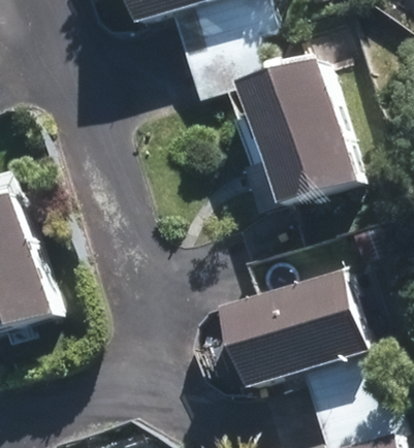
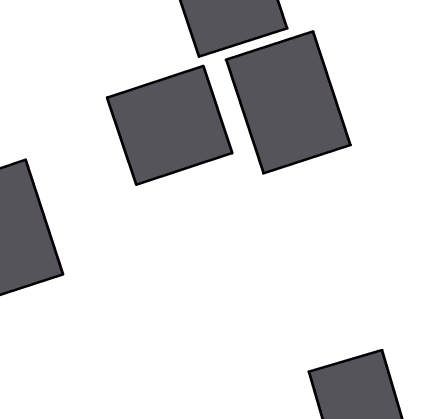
building: none -> [107,66,232,185]
building: [214,281,373,385] -> none

